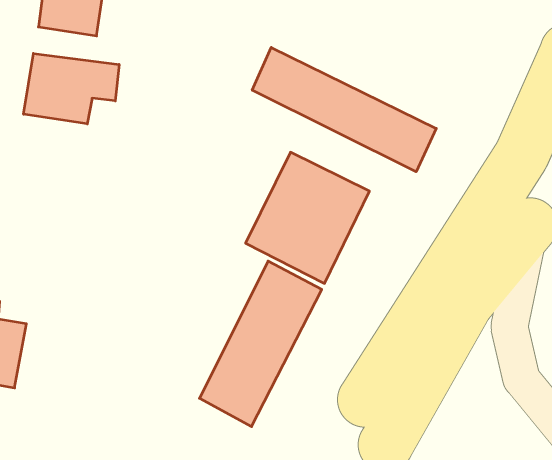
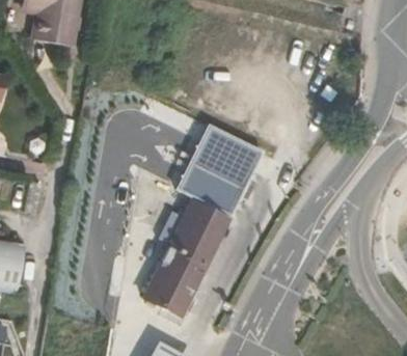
building: [252,47,436,172] -> none
building: [24,53,119,124] -> none

